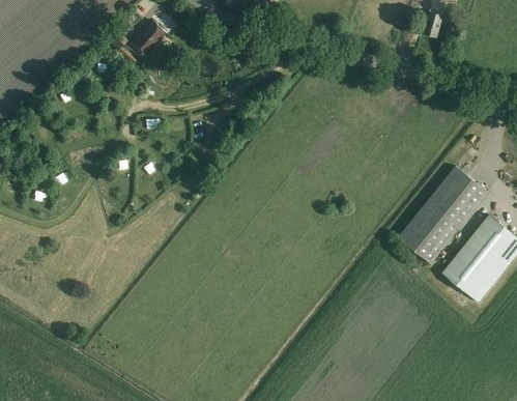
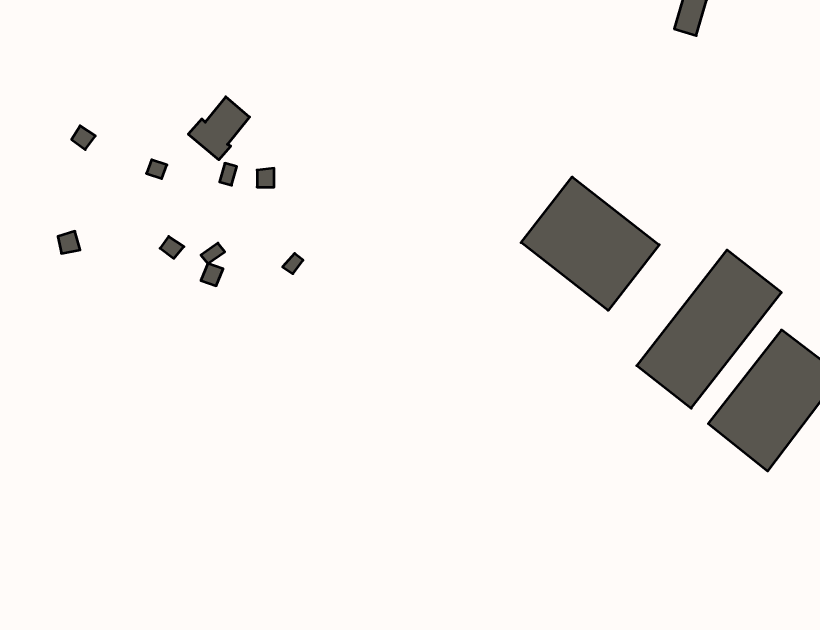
building: [128,20,166,58] -> [188,97,250,160]
building: none -> [521,177,659,310]

